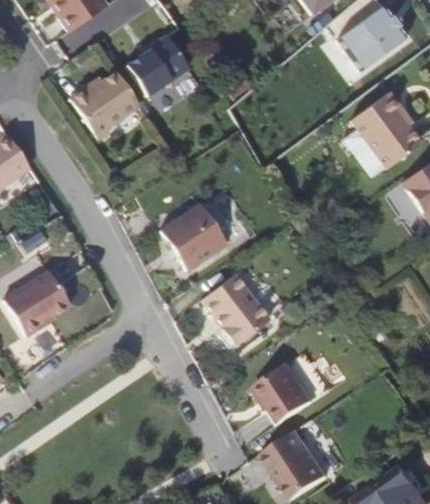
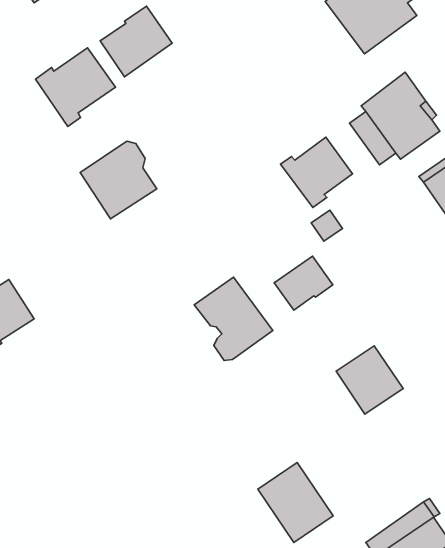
building: none -> [281,137,352,208]
building: [161,202,227,269] -> [80,141,157,219]
building: none -> [274,256,333,310]
building: [257,362,315,421] -> [336,346,403,414]

